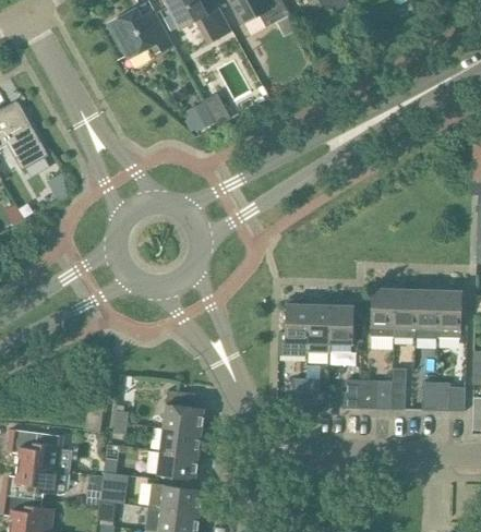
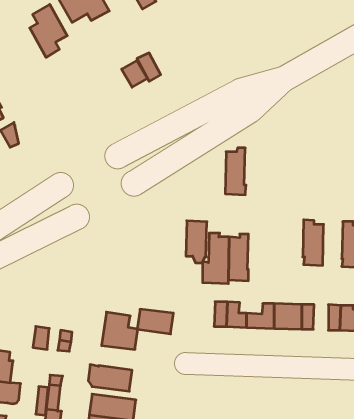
building: none -> [30,4,67,57]
building: [371,285,395,338] -> [225,148,246,195]
building: [416,287,438,338] -> none
building: [329,301,353,349] -> [186,221,207,263]
building: [159,428,201,457] -> [137,309,173,334]

